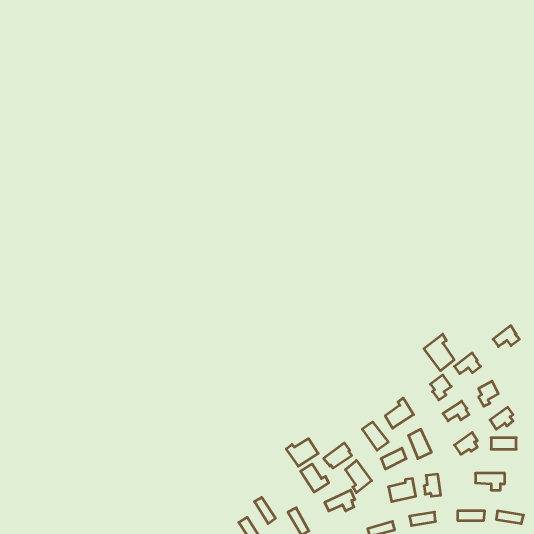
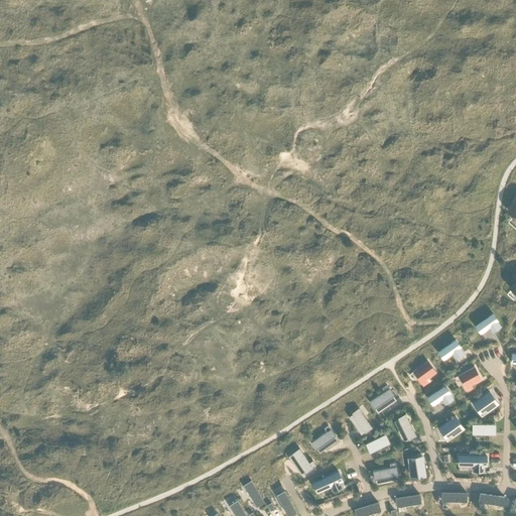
building: [424,334,454,371] -> none
building: [286,439,318,466] -> none
building: [345,460,372,493] -> none

